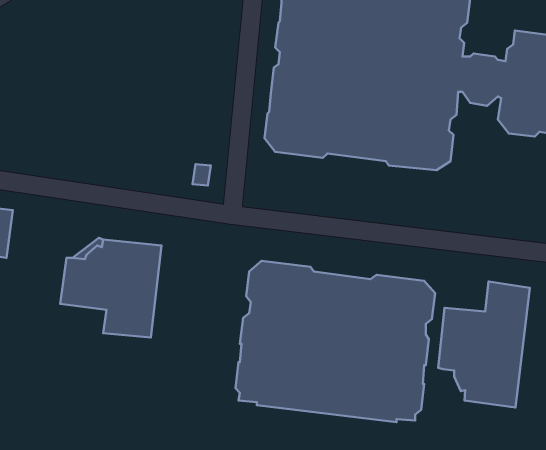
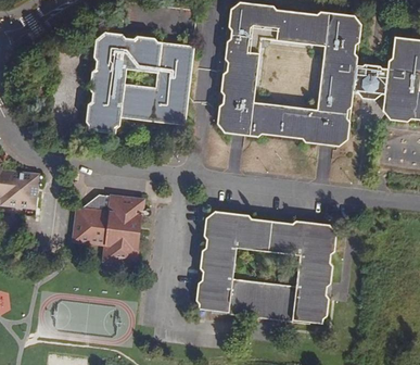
building: none -> [85,33,194,135]
building: [438,282,530,407] -> none

